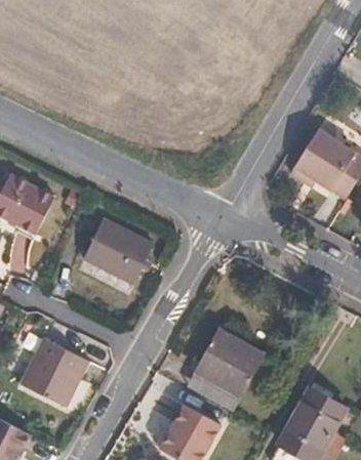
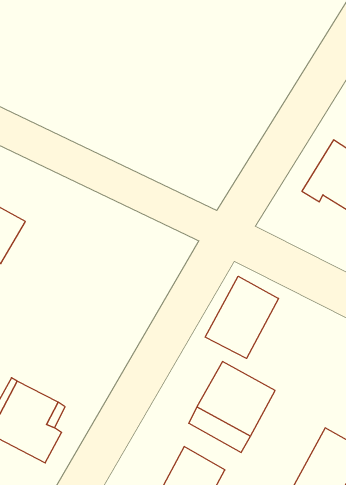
building: [73,225,144,292] -> none
building: none -> [205,276,279,358]

